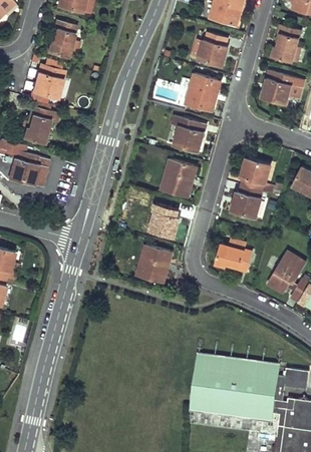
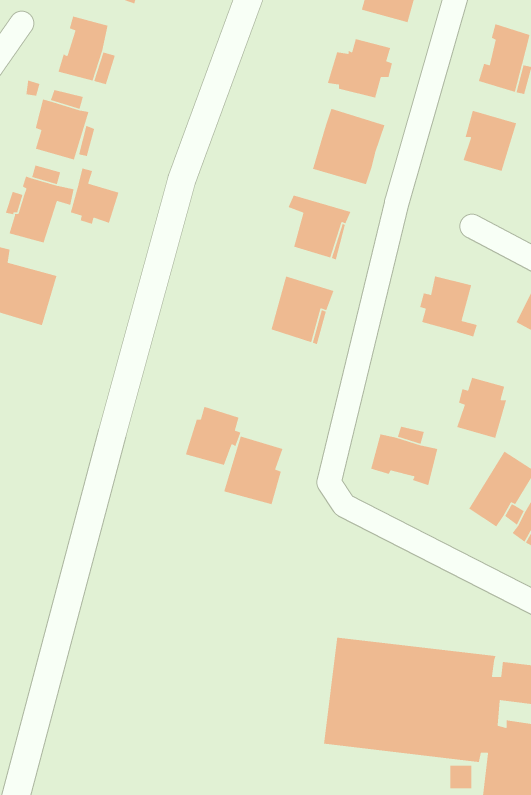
building: none -> [70,167,119,225]
building: [234,184,261,217] -> [456,377,507,439]
building: [148,203,179,236] -> [185,406,242,466]

